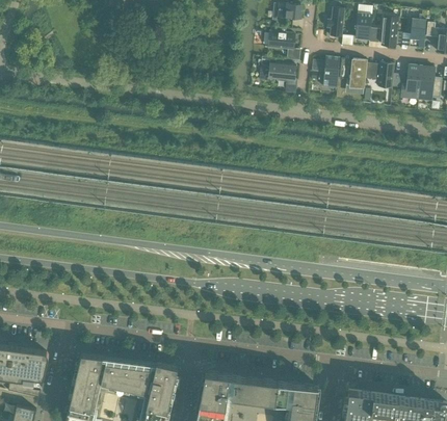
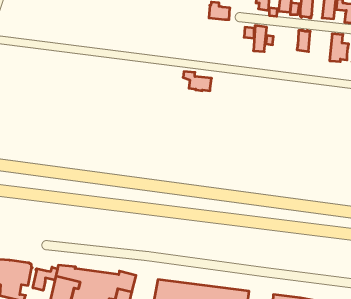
building: [261,57,296,81] -> [183,72,212,91]
building: [349,59,367,88] -> none
building: [401,64,421,100] -> none
building: none -> [33,267,57,290]

